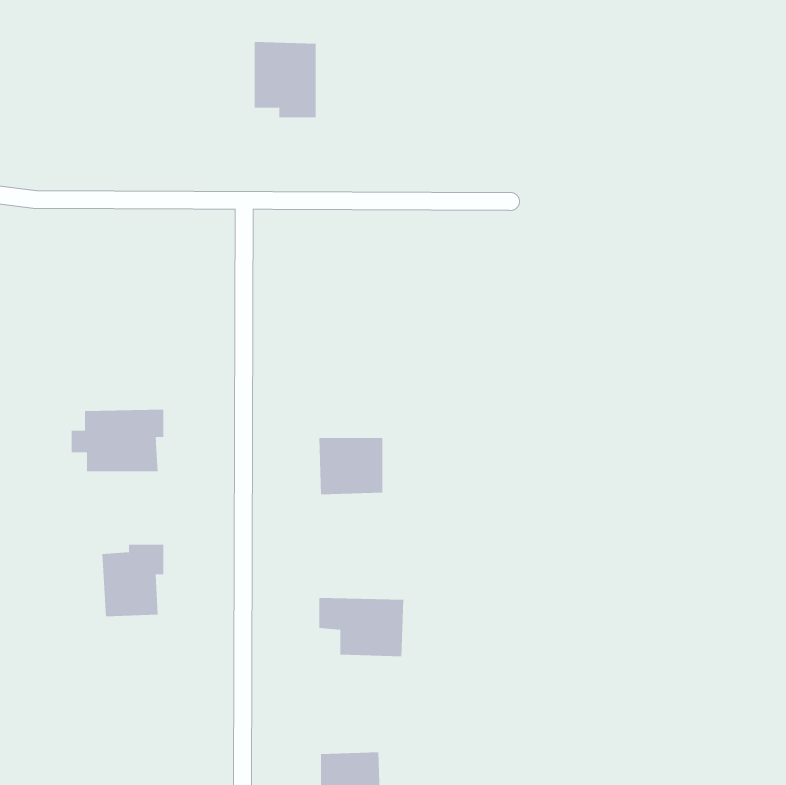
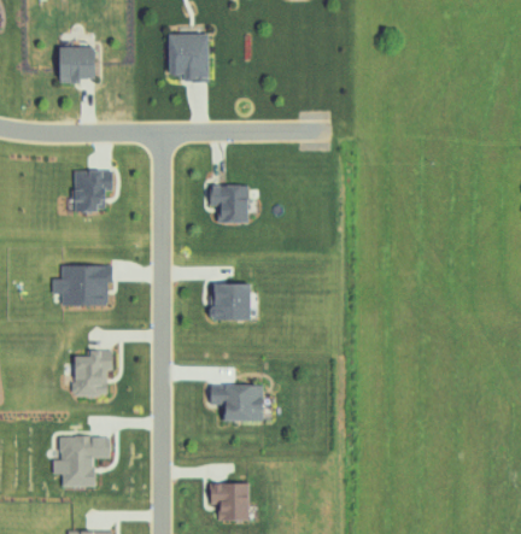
building: none -> [59,46,95,83]
building: none -> [74,170,113,212]
building: none -> [210,184,248,223]
building: none -> [53,436,110,488]

